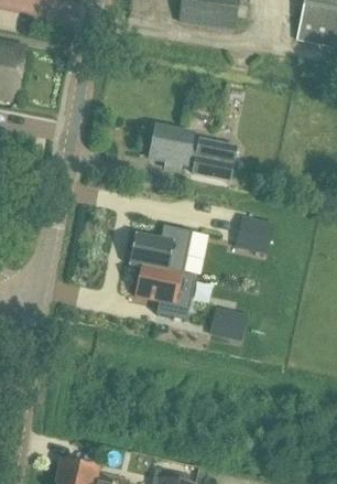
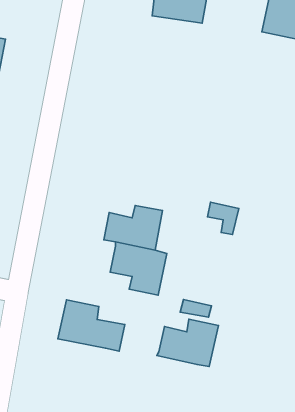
building: [150,126,237,178] -> none
building: none -> [58,300,125,351]
building: none -> [157,319,219,367]

